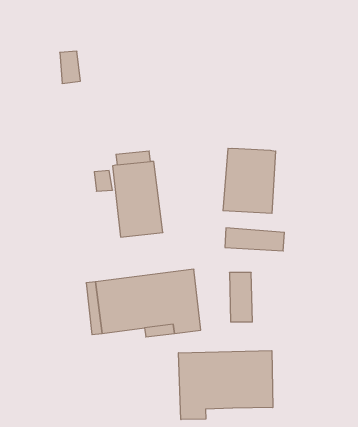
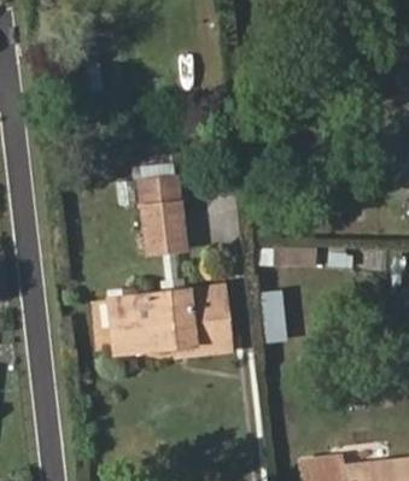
building: [223,148,276,213] -> none
building: [179,351,273,420] -> none

